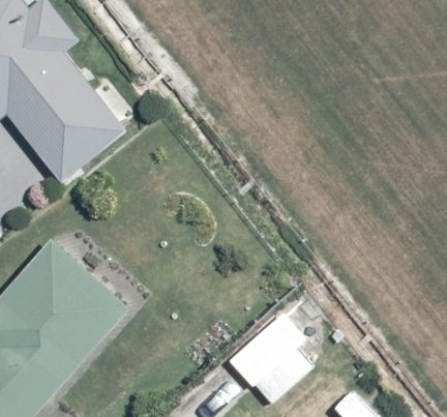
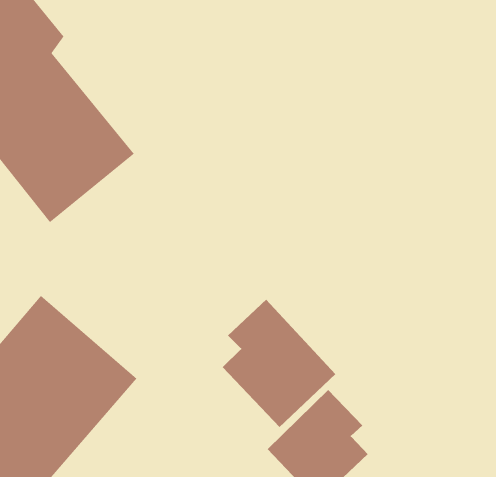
building: none -> [222,299,336,428]

